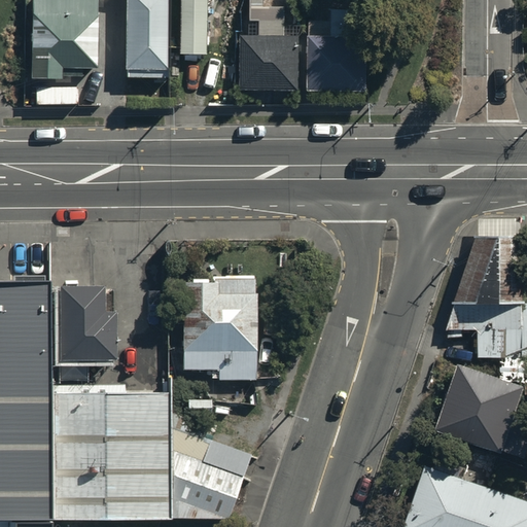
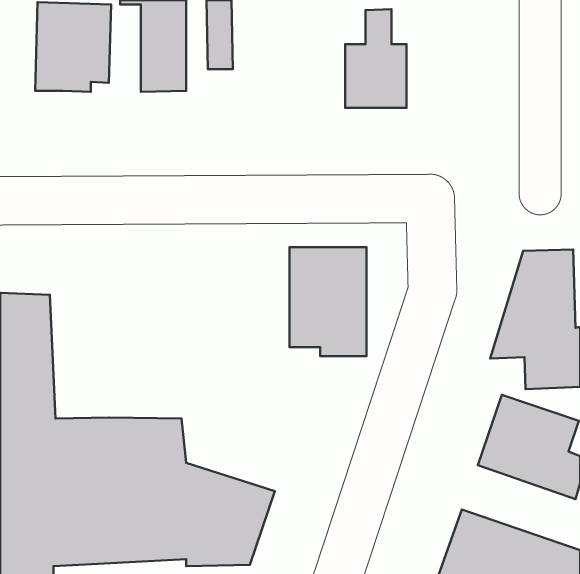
building: [243,19,301,103] -> none
building: [54,280,109,356] -> none
building: [183,280,253,379] -> [289,247,367,356]

